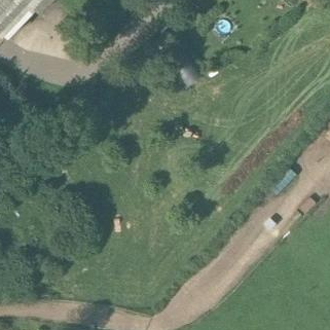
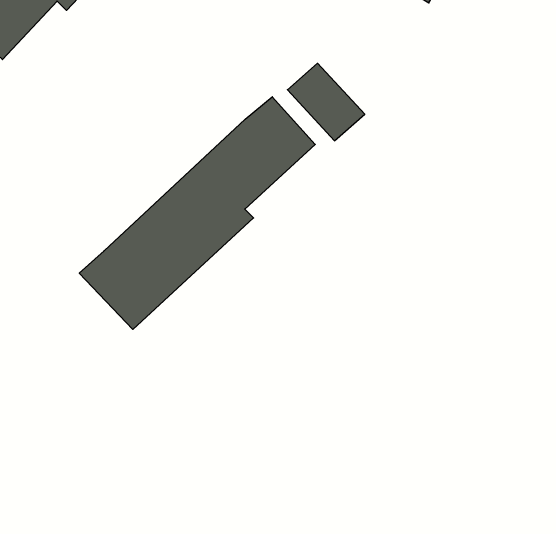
building: none -> [79,97,315,329]

